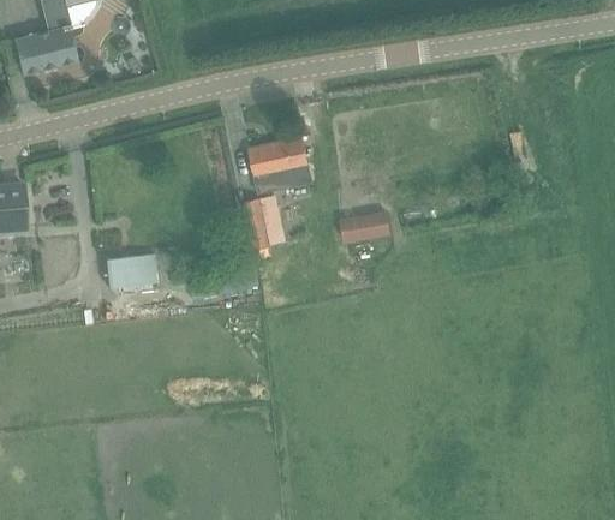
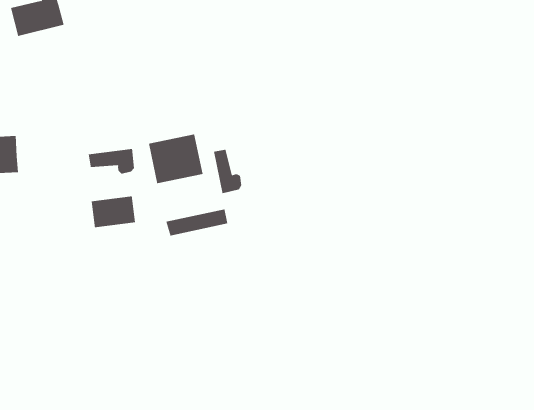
building: [250,136,312,192] -> [148,134,203,184]
building: none -> [88,148,135,174]
building: [342,211,392,243] -> none

